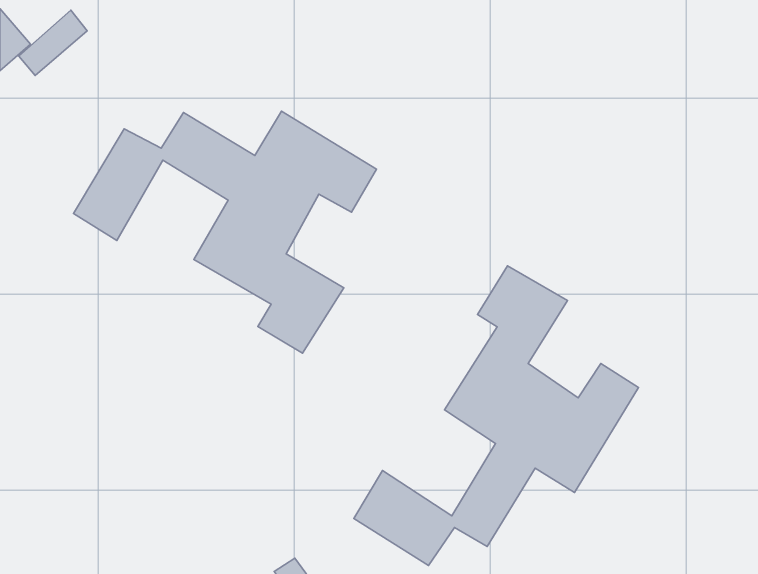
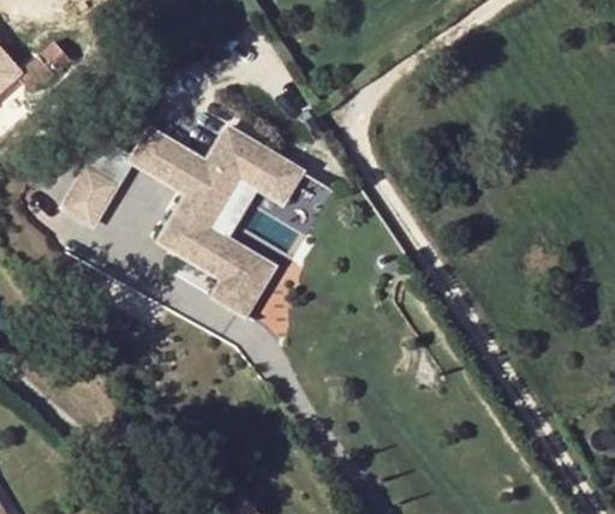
building: [354,266,639,565] -> none

